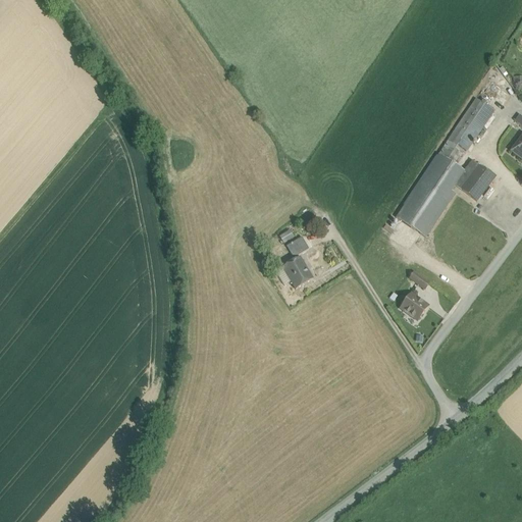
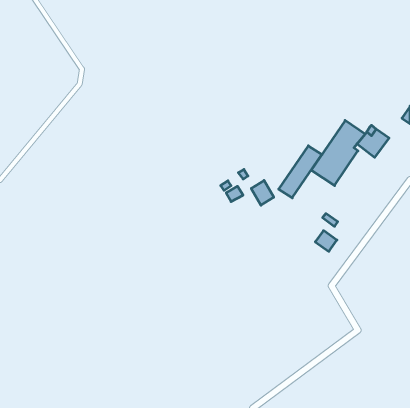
building: [438,98,493,164] -> [279,146,322,198]
building: [283,256,312,288] -> [251,180,274,205]

